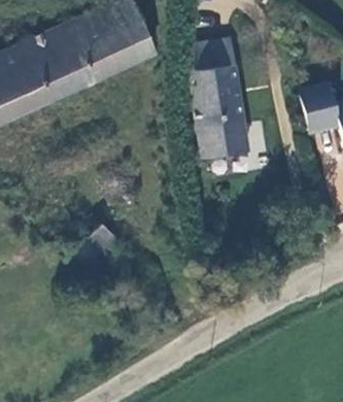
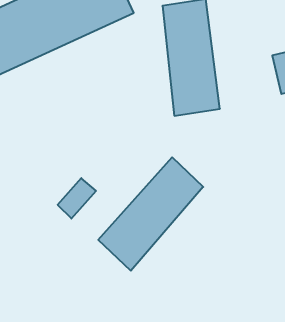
building: none -> [98,157,203,271]

